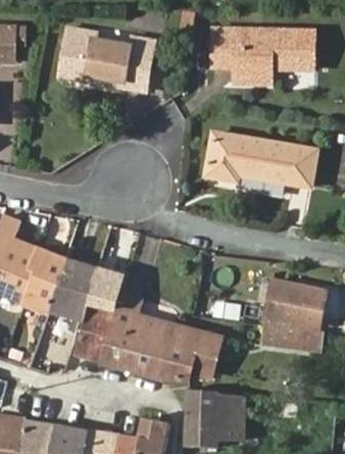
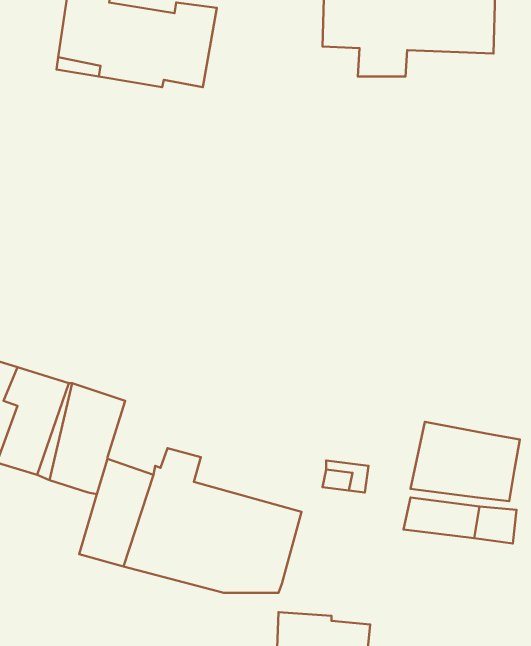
building: [203,132,316,187] -> none
building: [89,267,127,310] -> none
building: [190,332,224,379] -> none

